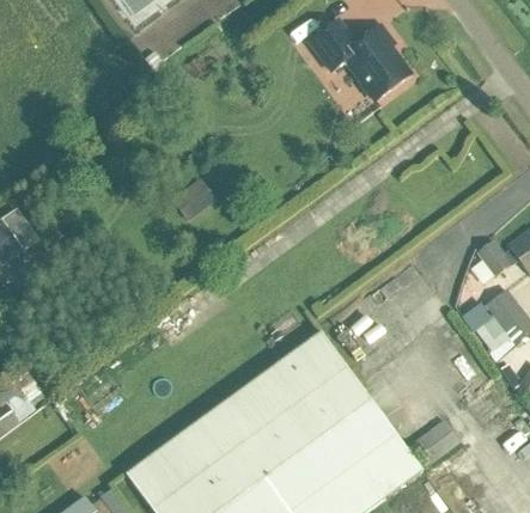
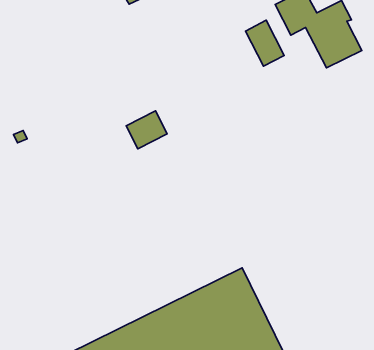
building: none -> [246,20,284,66]

